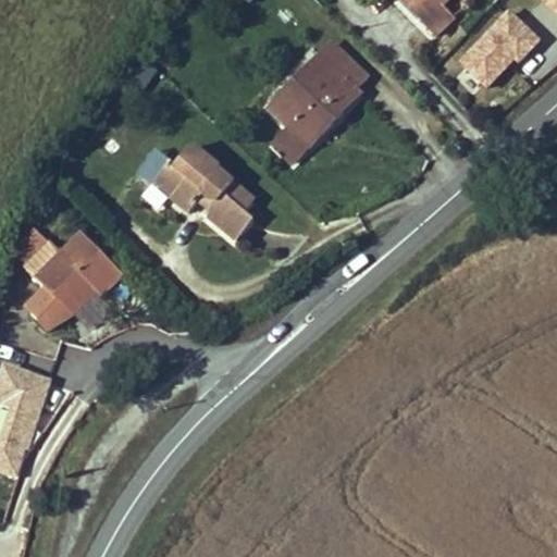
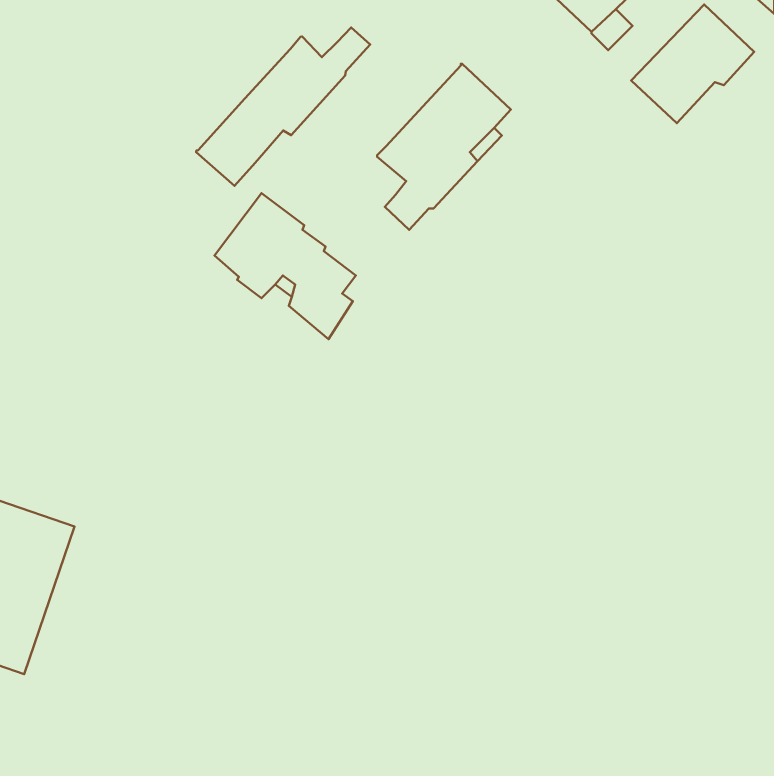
building: none -> [196,28,370,186]
building: [11,227,123,331] -> none

